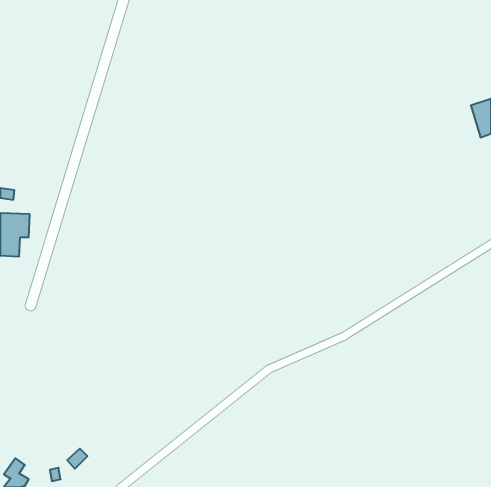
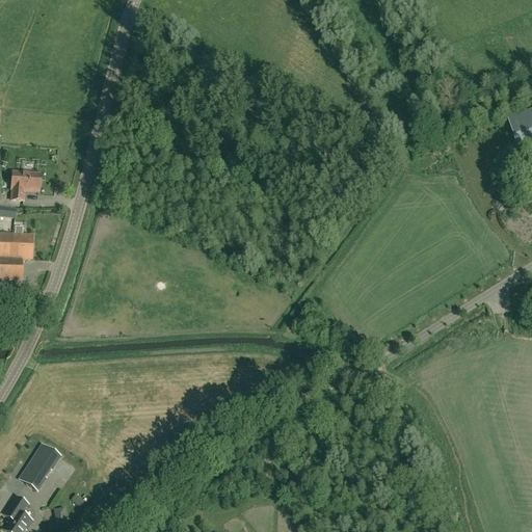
building: none -> [11,169,39,198]
building: none -> [19,448,56,488]

